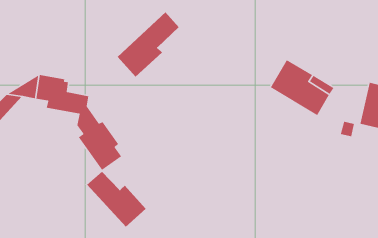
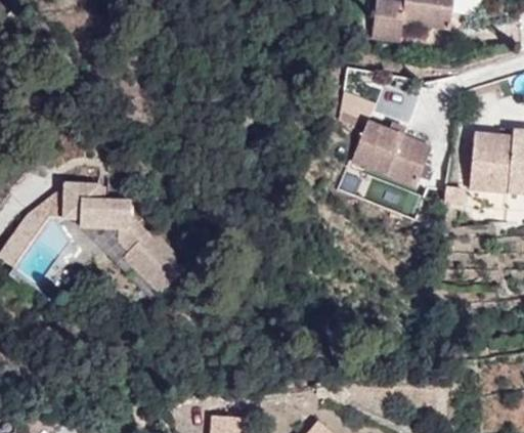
building: [117,12,179,77] -> none
building: [86,171,146,227] -> none

